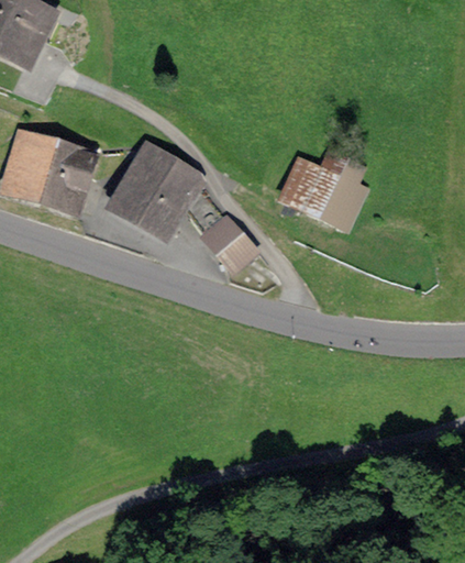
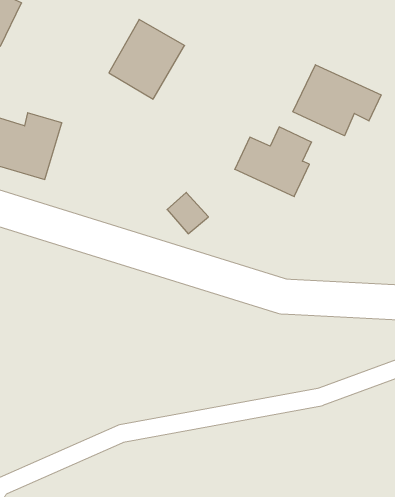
building: none -> [293,65,381,136]
building: [111,147,193,234] -> [109,19,185,99]

